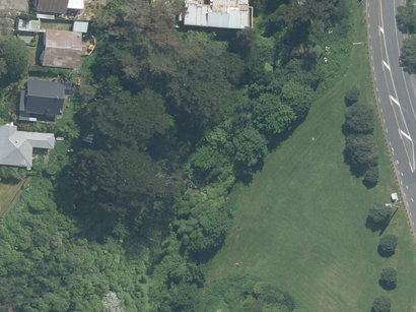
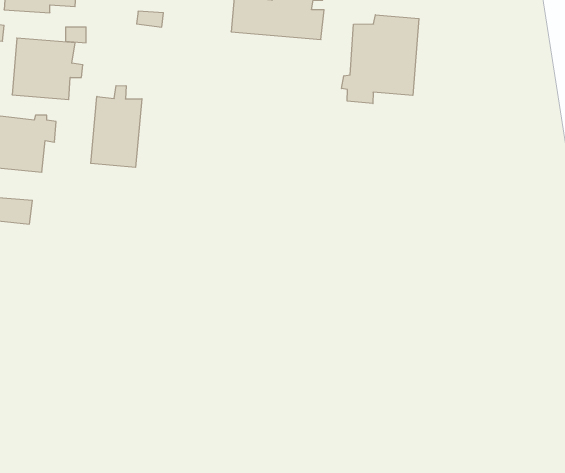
building: none -> [342,15,419,104]
building: none -> [91,86,142,167]

